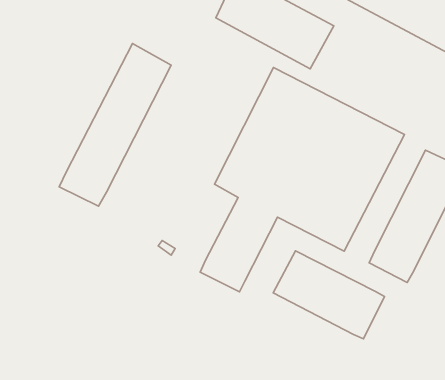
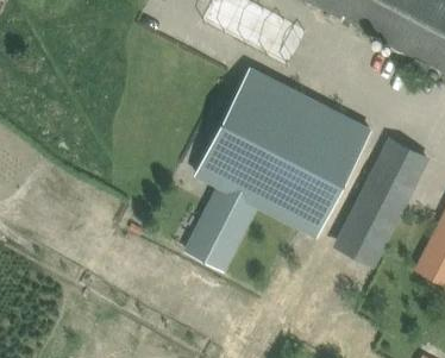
building: [59,44,171,206] -> none
building: [273,251,384,339] -> none

